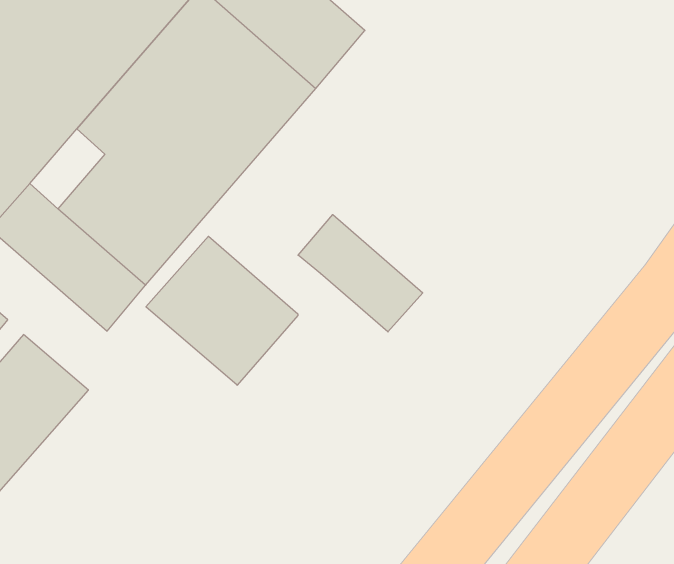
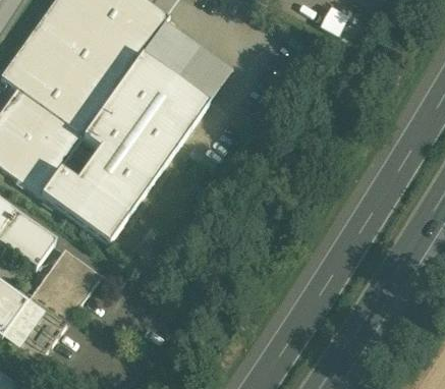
building: [298,215,423,332] -> none
building: [146,236,298,385] -> none

